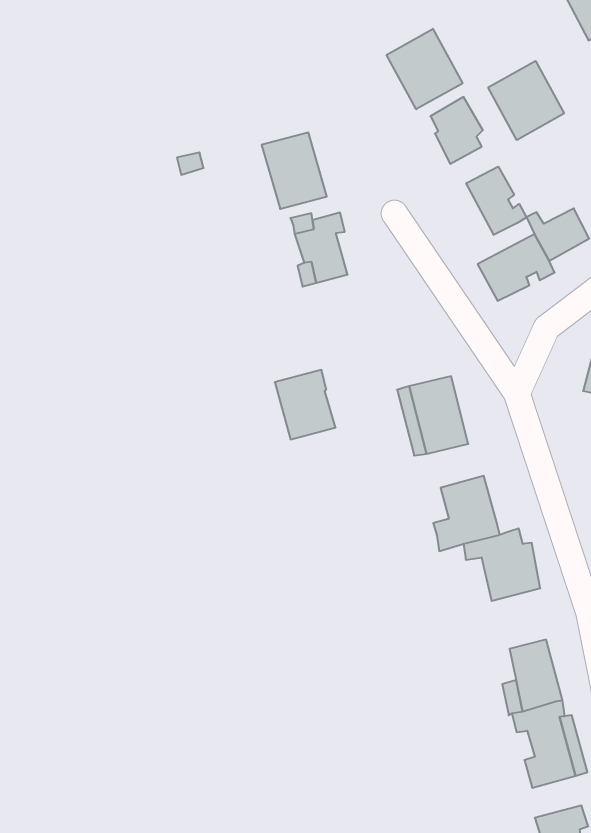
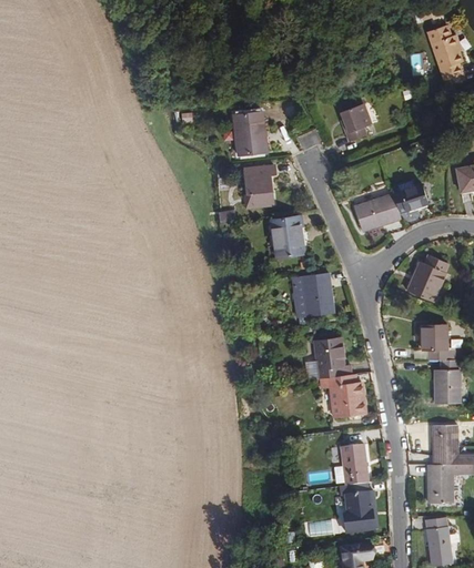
building: [387,29,463,109] -> none
building: [488,61,564,140] -> none
building: [466,167,527,235] -> none
building: [275,370,336,439] -> [272,216,305,256]

